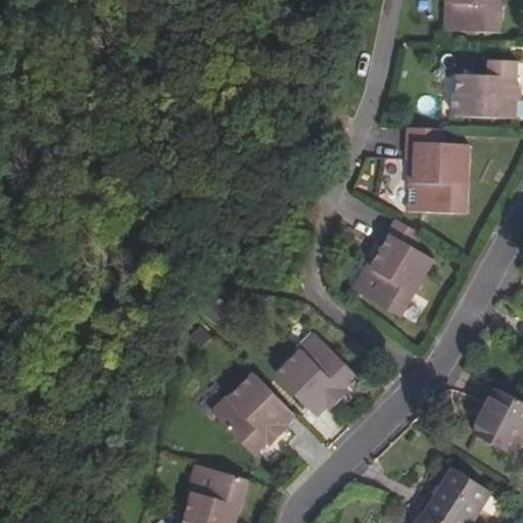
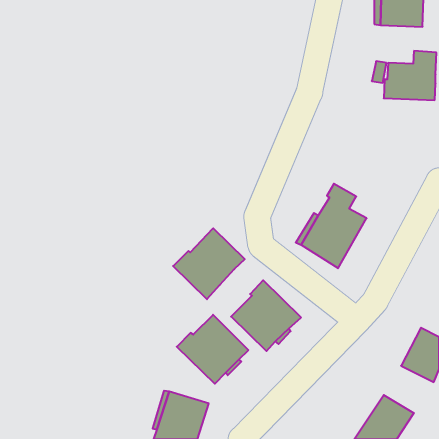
building: [409,128,462,210] -> none
building: none -> [173,228,245,299]

